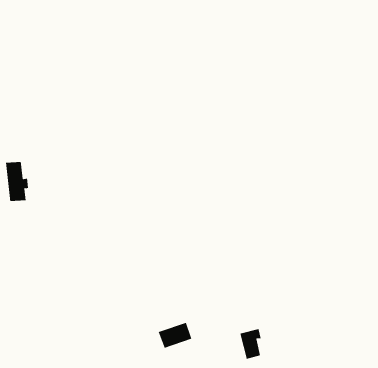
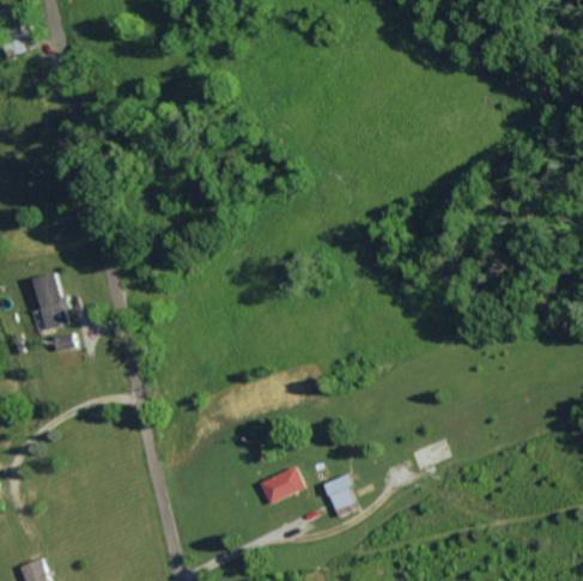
building: [240,328,262,359] -> [324,473,356,516]

